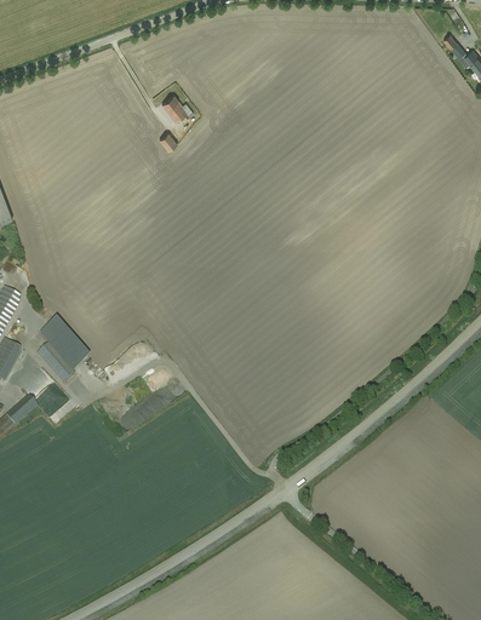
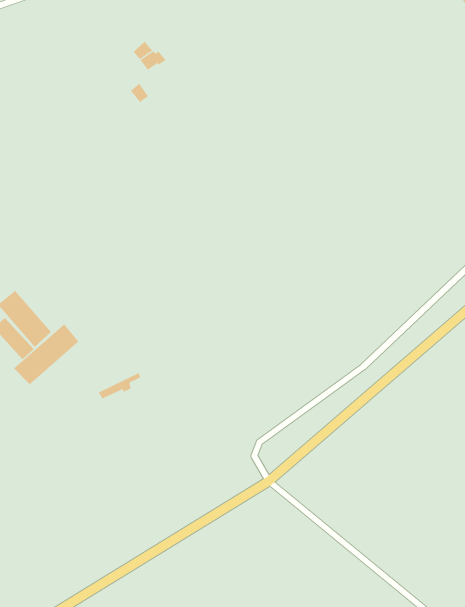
building: none -> [13,324,79,385]

